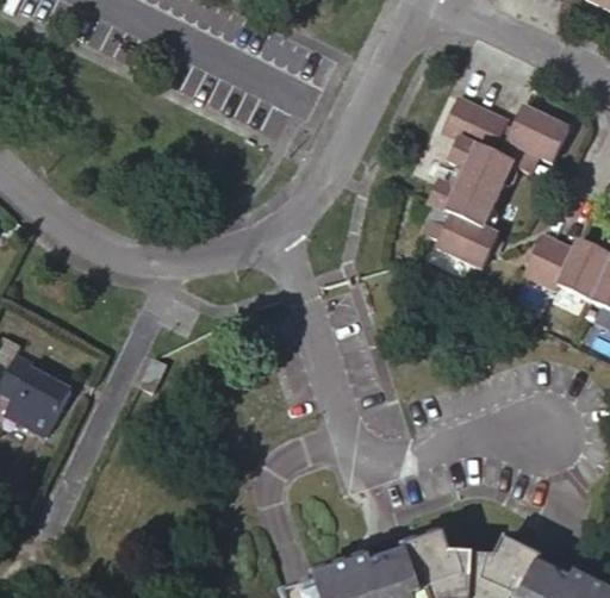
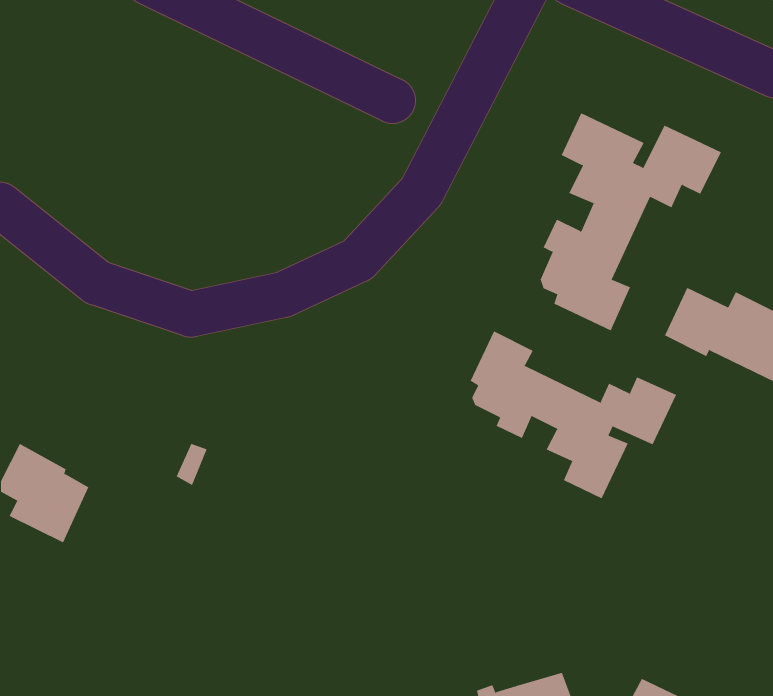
building: none -> [470,331,677,499]

